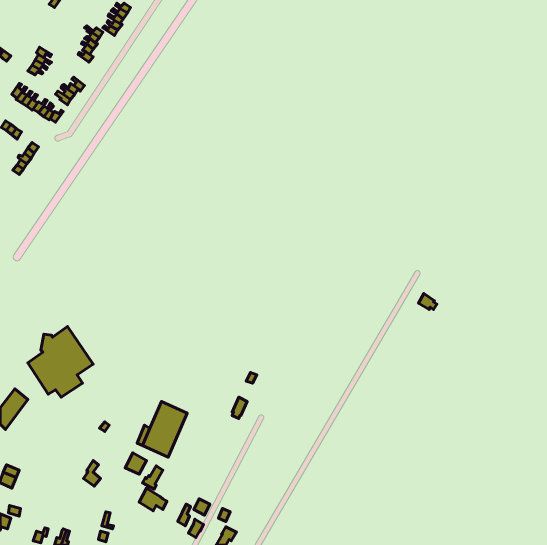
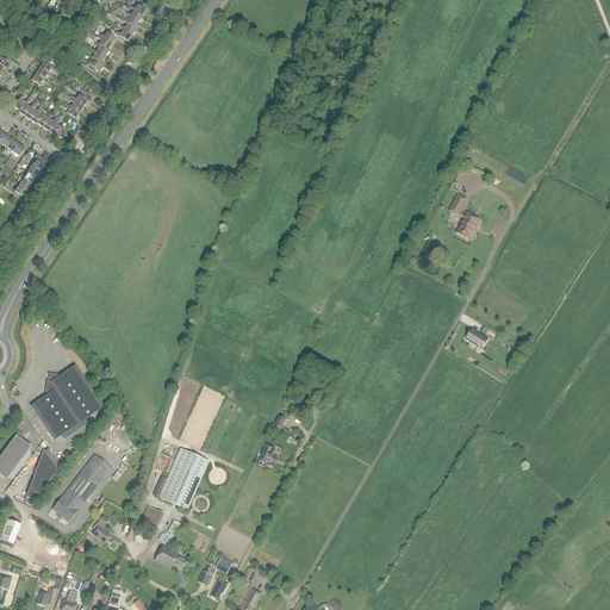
building: none -> [450,192,483,237]
building: none -> [26,448,58,498]
building: none -> [52,453,111,519]

